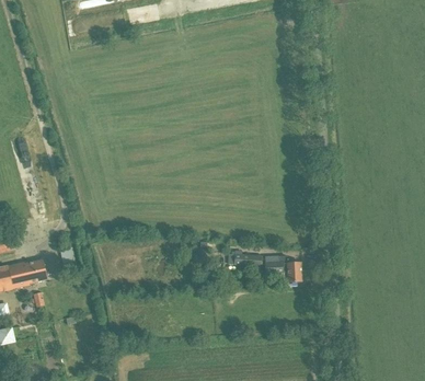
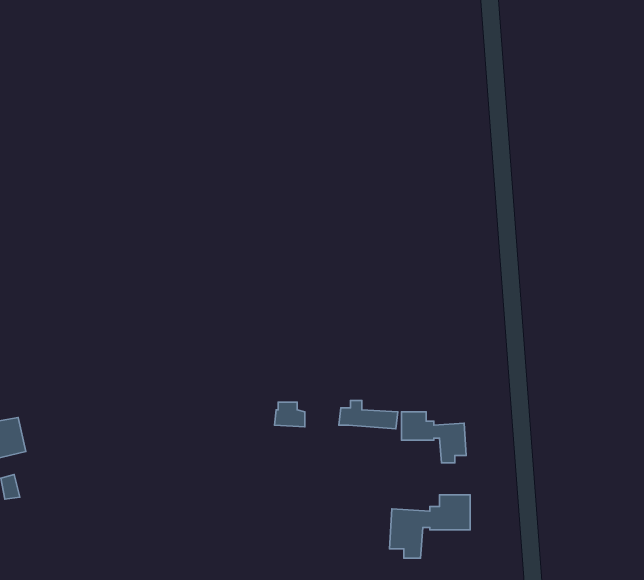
building: none -> [390,495,470,558]

